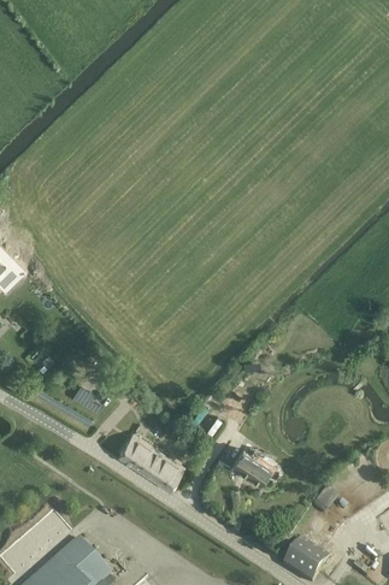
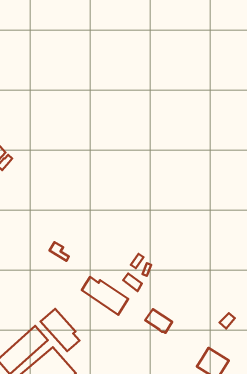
building: [232,451,271,485] -> [145,309,172,333]
building: none -> [40,309,80,351]

